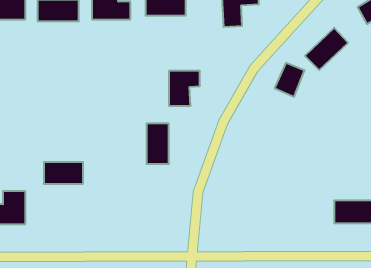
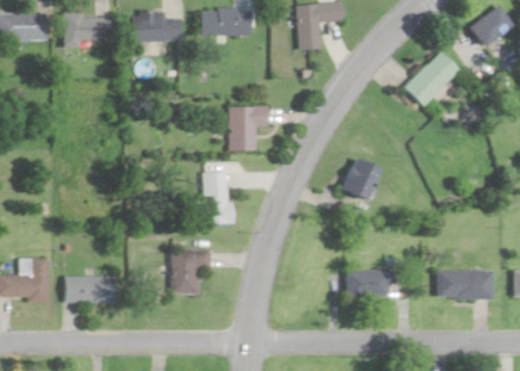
building: [275,63,305,97] -> [341,157,379,200]
building: [44,162,83,184] -> [66,276,116,303]
building: none -> [172,248,212,293]
building: none -> [347,271,395,296]

